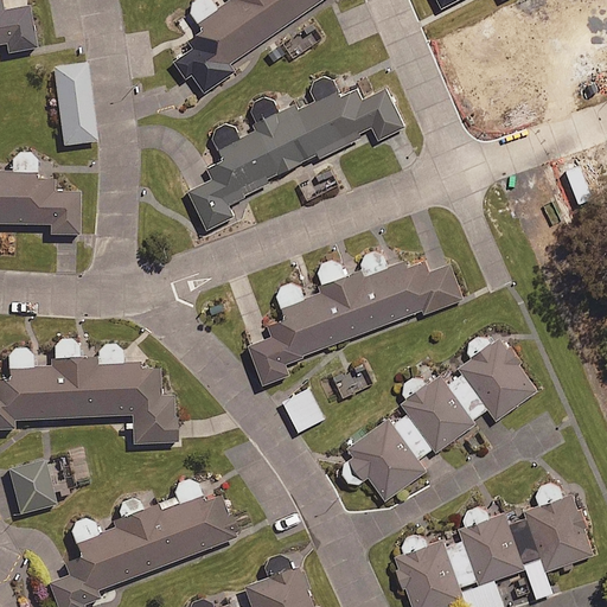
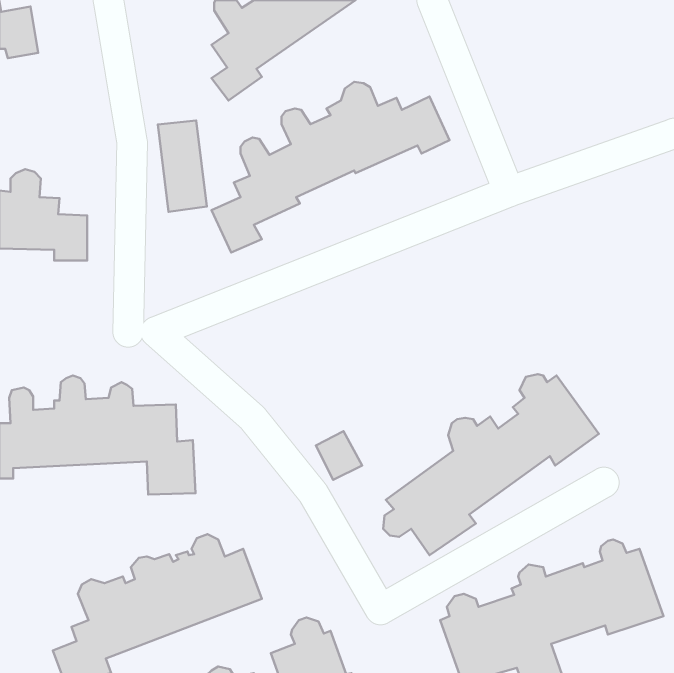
building: [52,65,96,147] -> [158,121,207,212]
building: [250,251,464,384] -> none
building: [9,462,72,515] -> none

